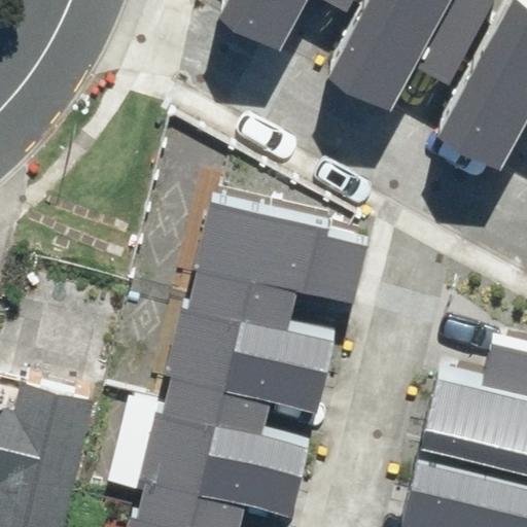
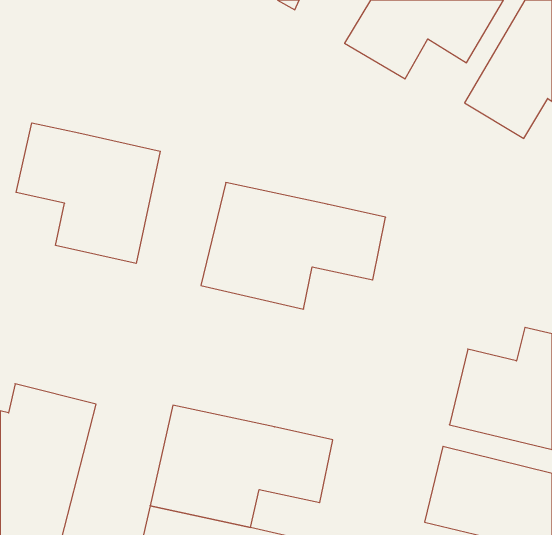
building: none -> [16,123,160,263]
building: [165,288,339,423] -> none

